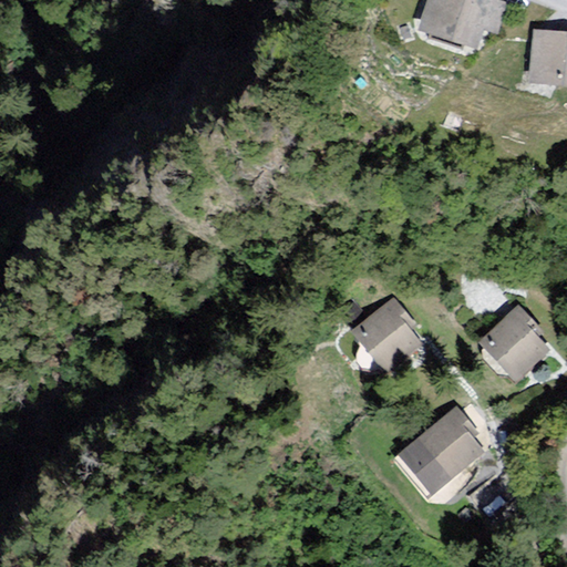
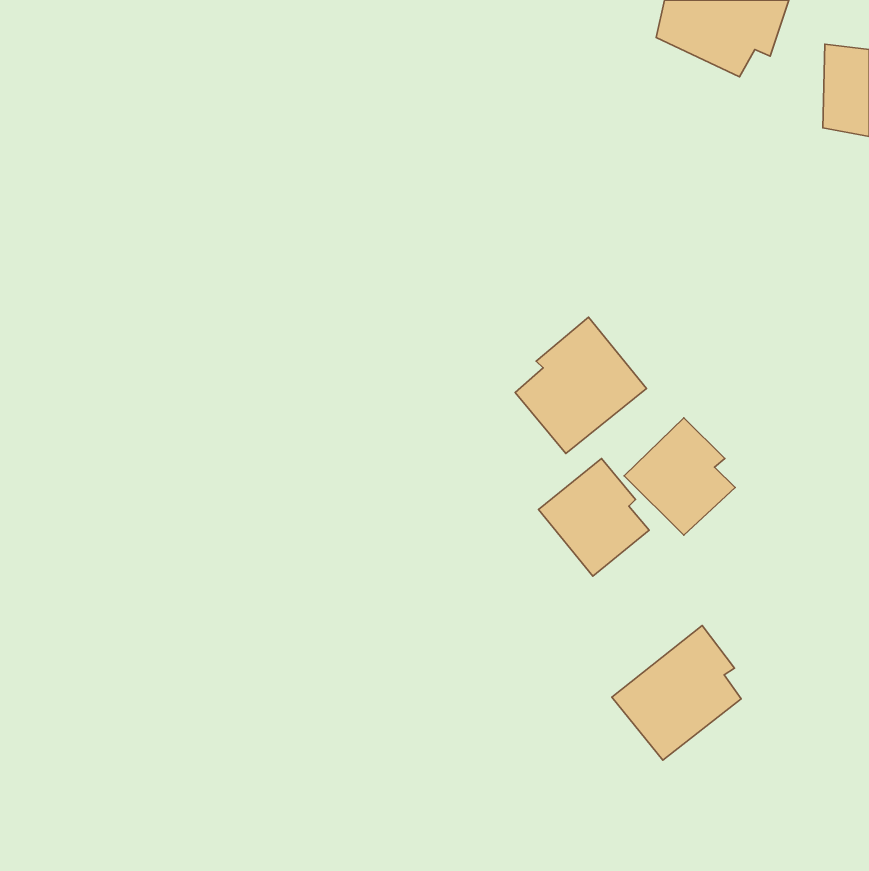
building: none -> [515,317,647,453]
building: [477,306,549,382] -> [624,418,735,535]

